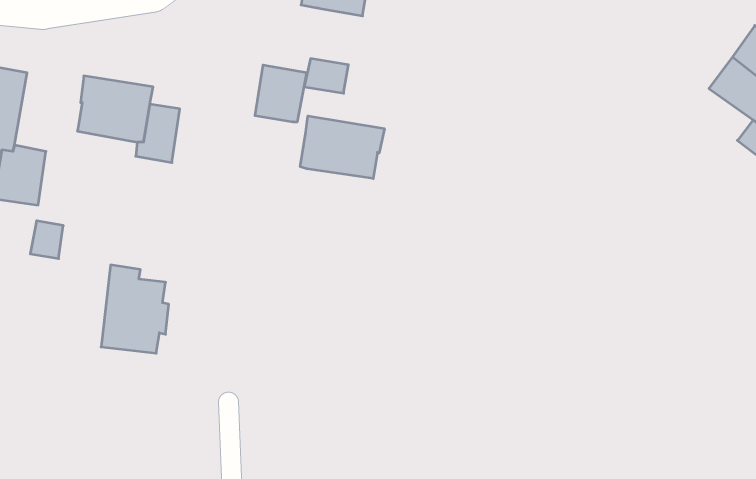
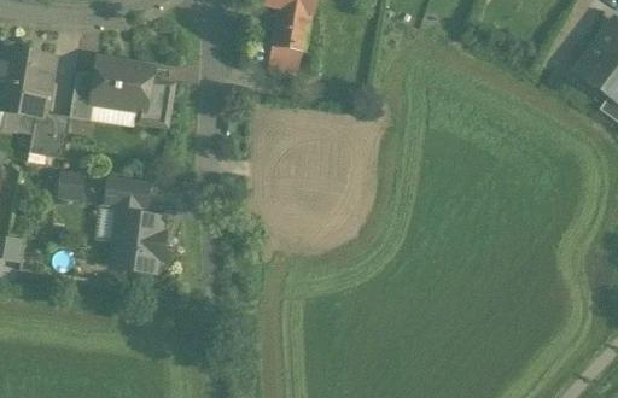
building: [255,65,307,122] -> [272,7,311,51]
building: none -> [69,76,97,121]
building: [300,116,384,179] -> none
building: none -> [105,177,146,207]

